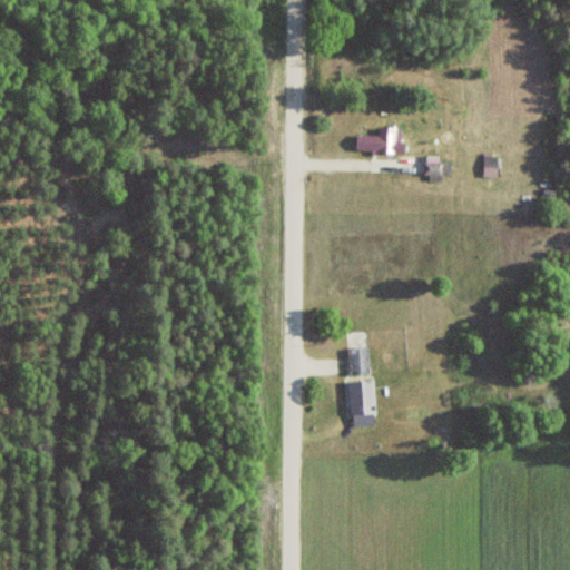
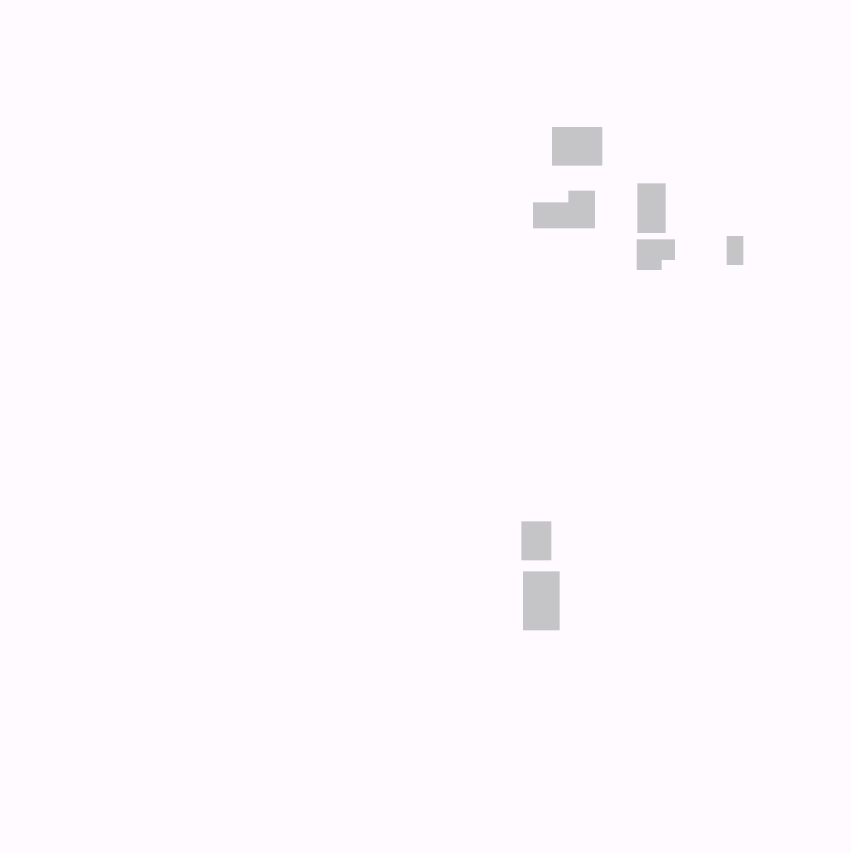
building: none -> [551,126,603,167]
building: none -> [637,183,666,234]

